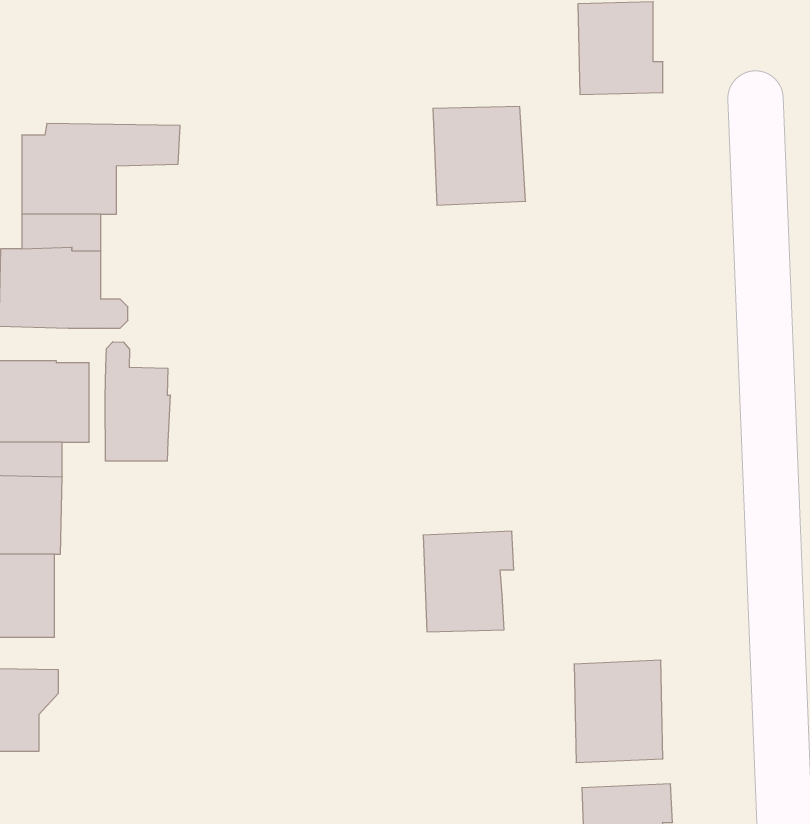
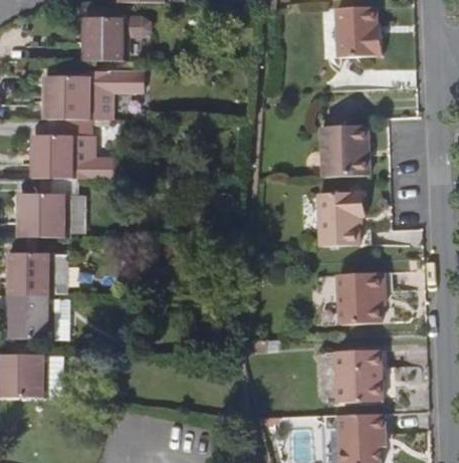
building: none -> [83,16,147,59]
building: [433,107,526,205] -> [319,126,368,177]
building: [105,342,170,461] -> none
building: none -> [316,193,363,247]
building: [423,531,514,632] -> [335,273,383,325]

